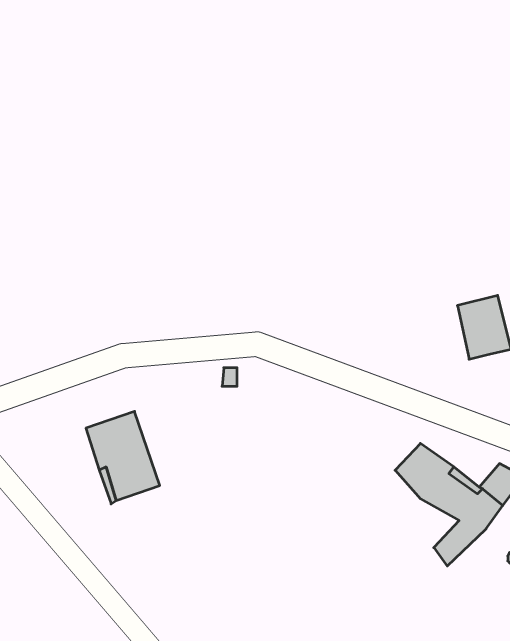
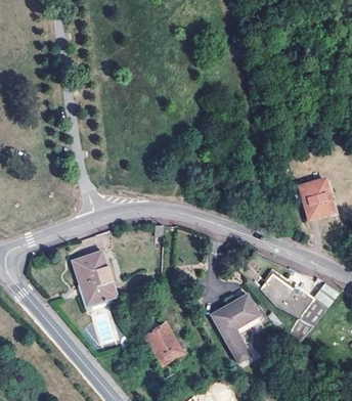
building: none -> [212,295,259,363]
building: none -> [145,323,183,365]

